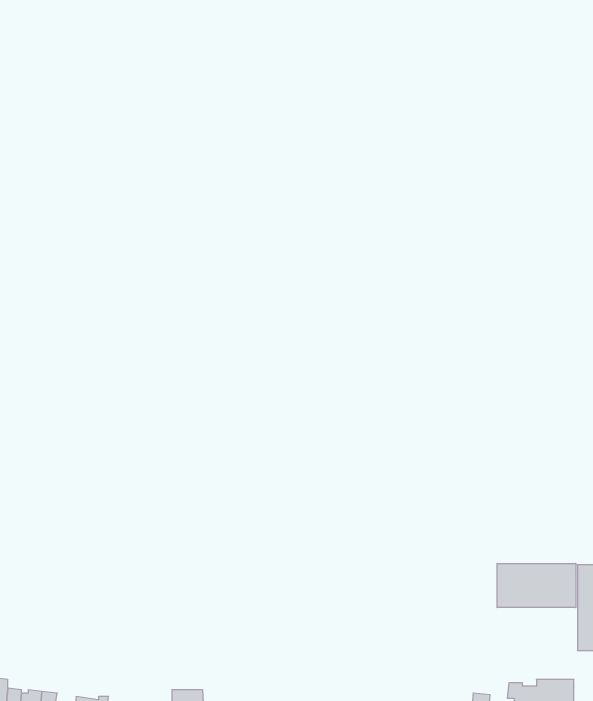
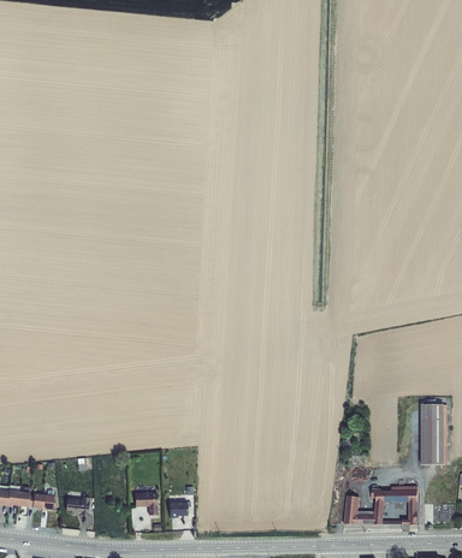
building: [497,563,576,608] -> none

